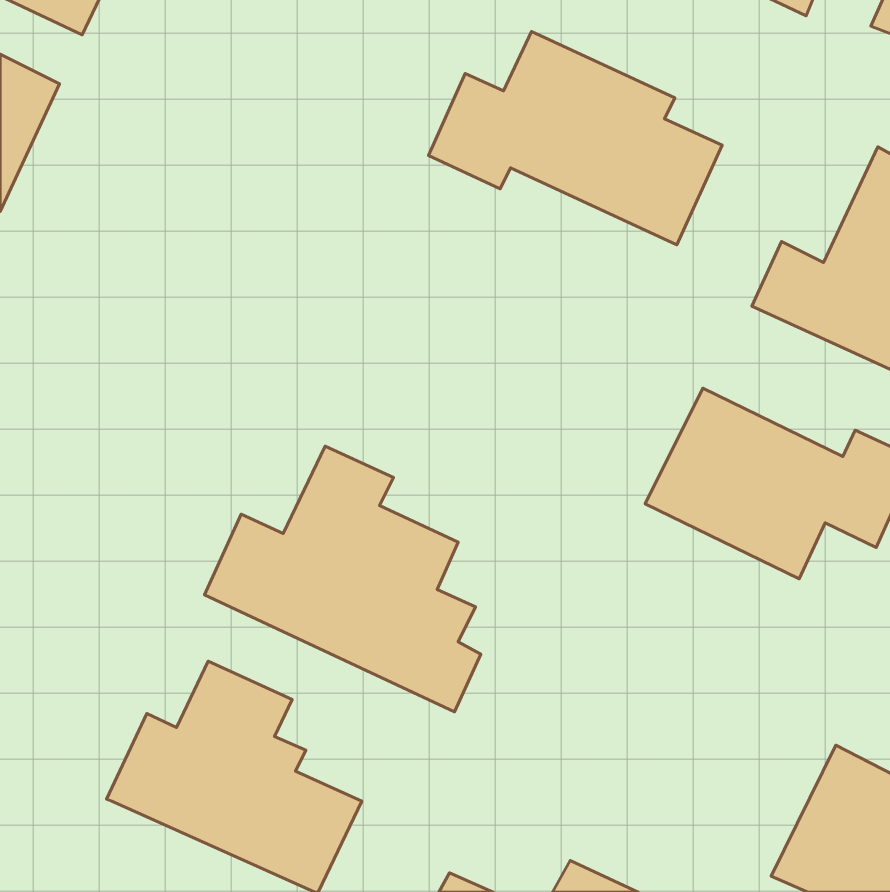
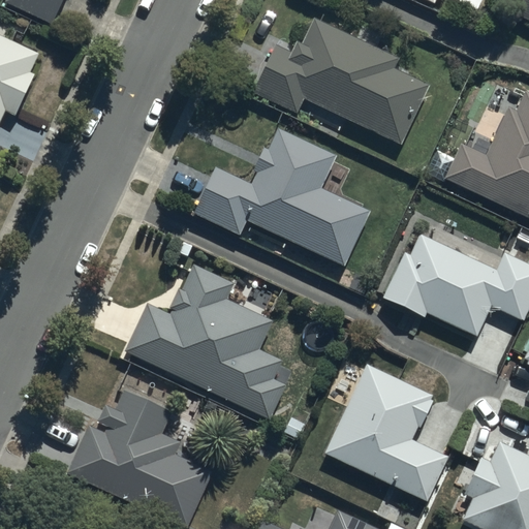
building: none -> [192,130,370,264]
building: none -> [323,362,448,500]

